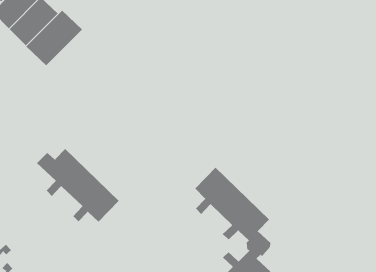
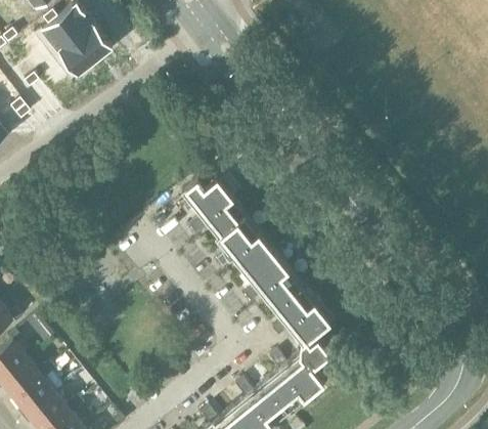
building: [26,10,83,66] -> none
building: [36,148,120,222] -> [182,181,274,273]

